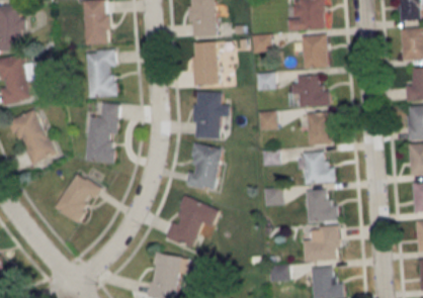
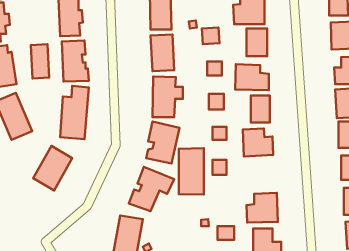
building: none -> [31,44,49,78]
building: none -> [179,148,204,195]
building: [307,190,338,221] -> none

